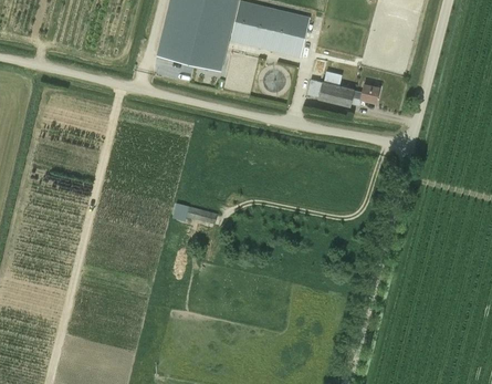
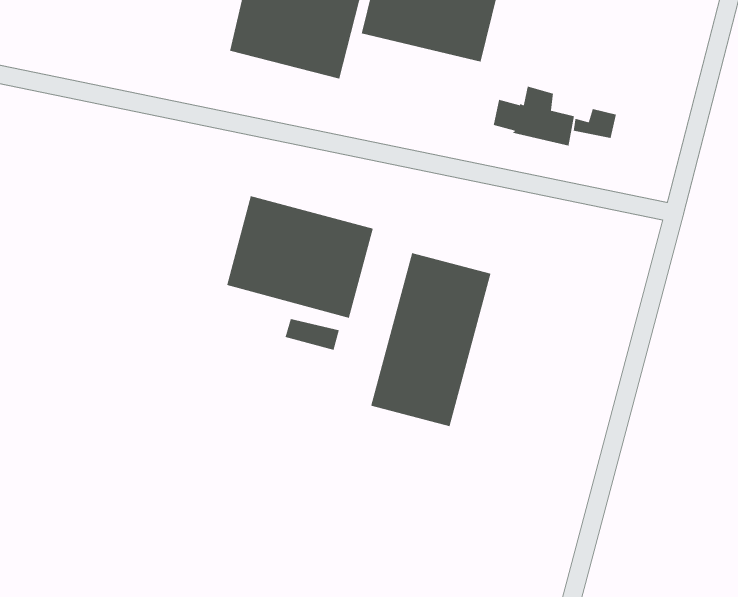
building: none -> [226,195,374,319]
building: none -> [370,252,492,427]

